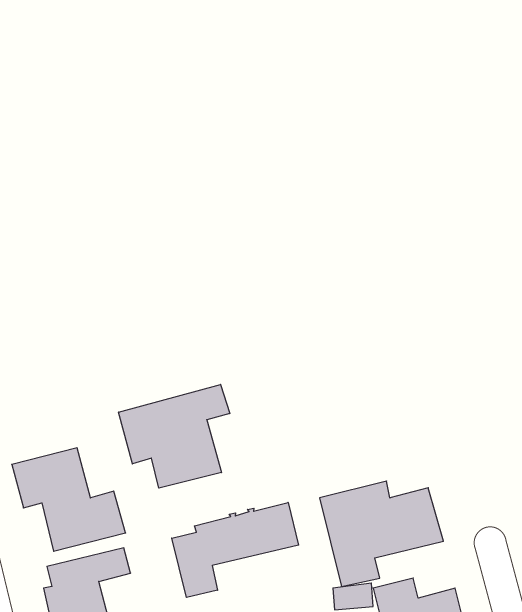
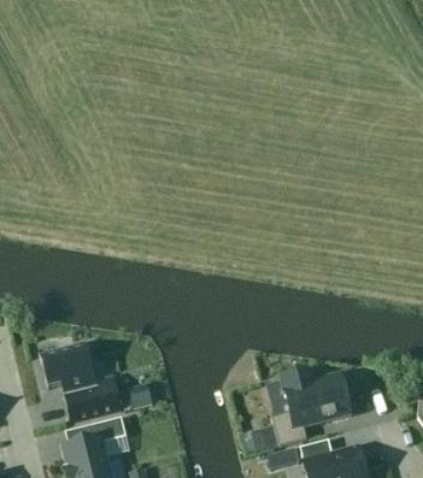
building: [119,384,230,488] -> none
building: [172,502,299,597] -> none

